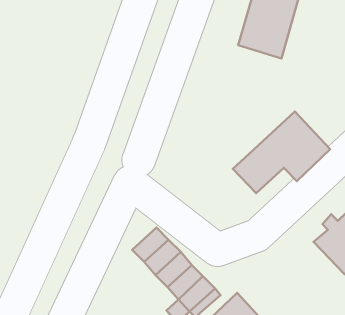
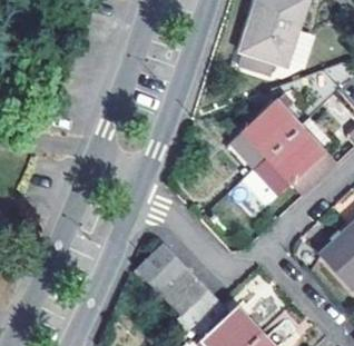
building: none -> [227,90,301,171]

